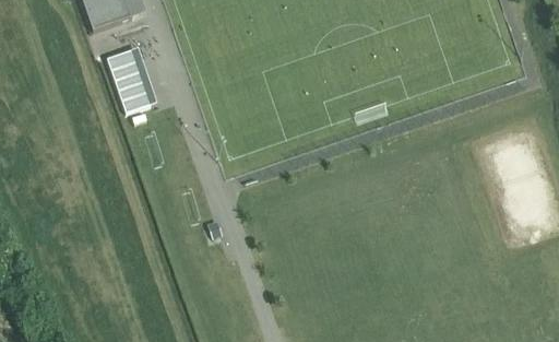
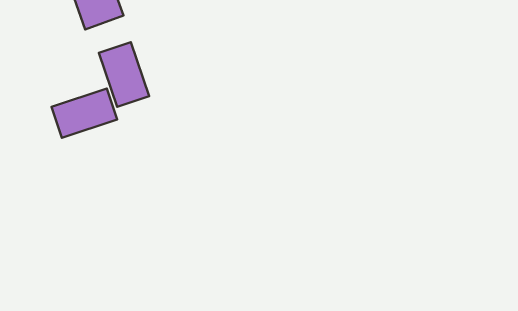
building: none -> [51,89,117,138]

